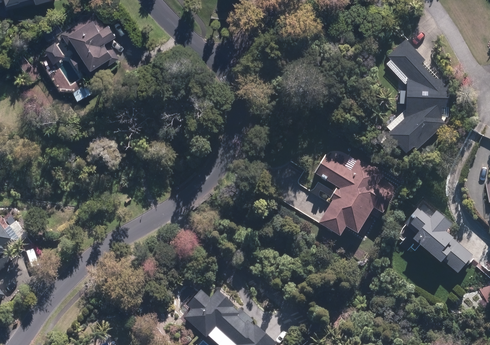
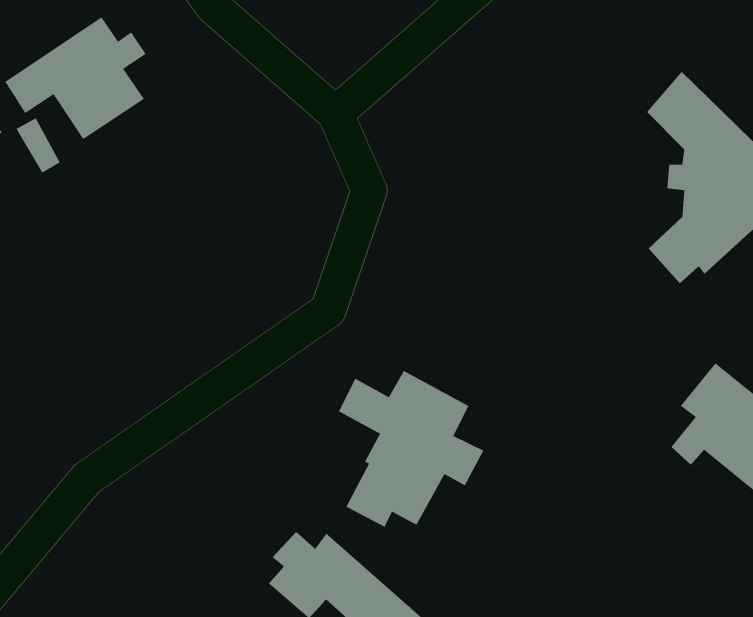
building: [313,150,391,234] -> [338,370,484,527]

